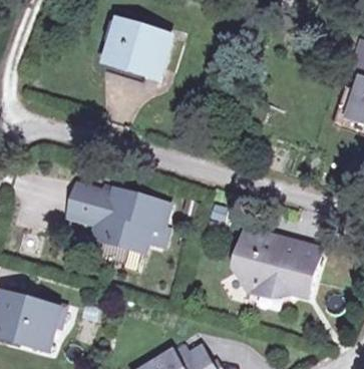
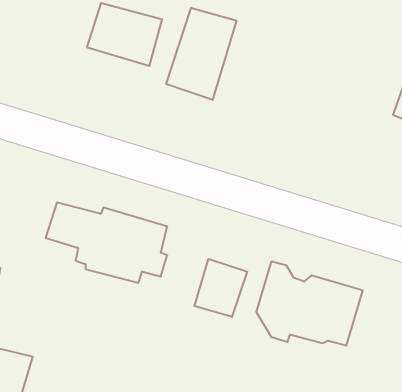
building: none -> [166,8,236,100]
building: none -> [194,259,247,317]

